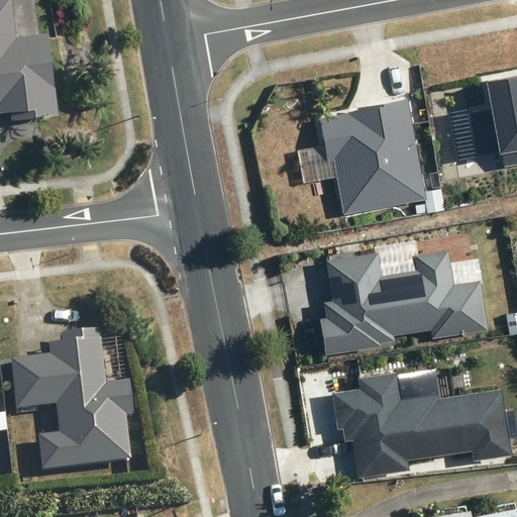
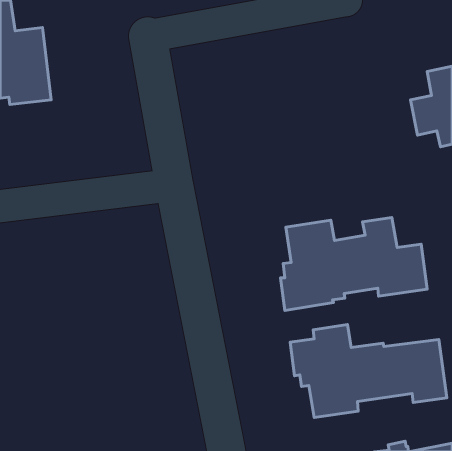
building: [319,98,426,214] -> none
building: [10,331,132,472] -> none

